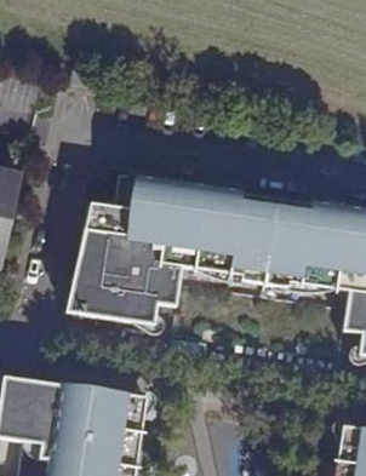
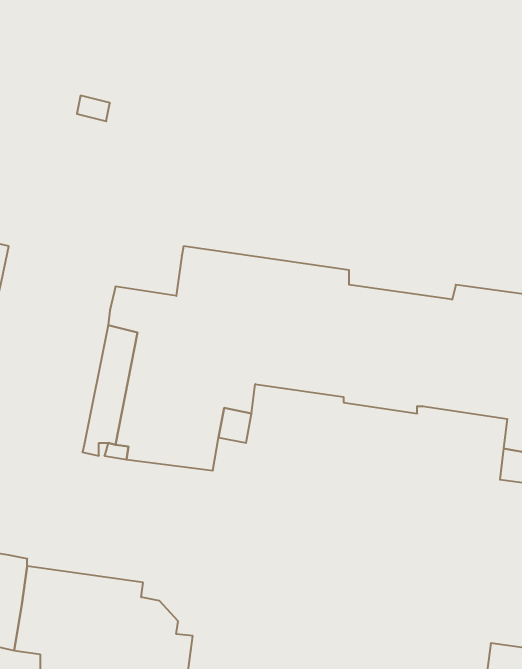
building: [30,380,144,431] -> none

